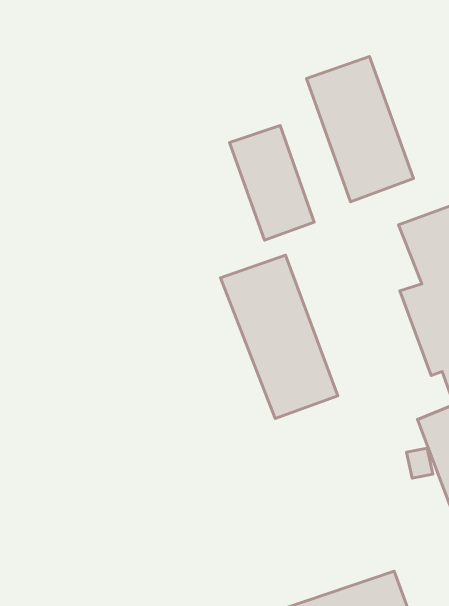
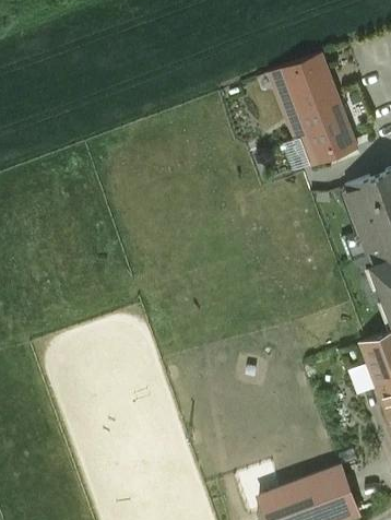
building: [230,125,314,240] -> none
building: [220,255,338,418] -> none

